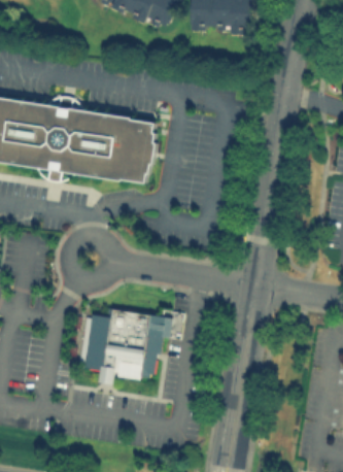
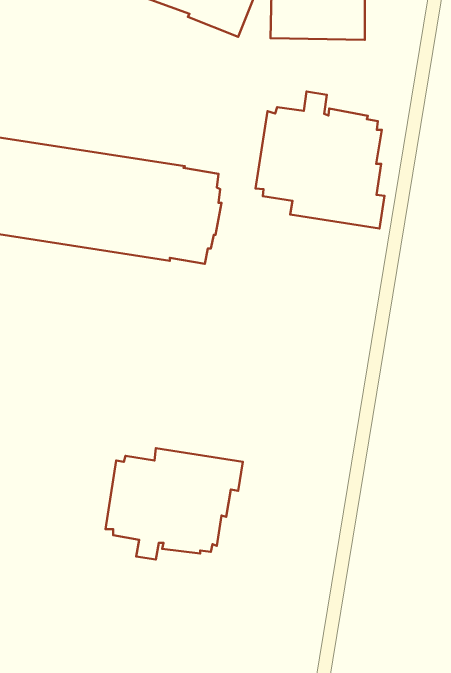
building: none -> [255,92,384,228]

